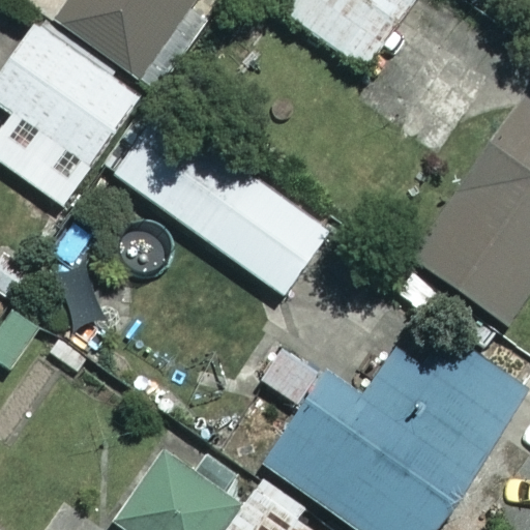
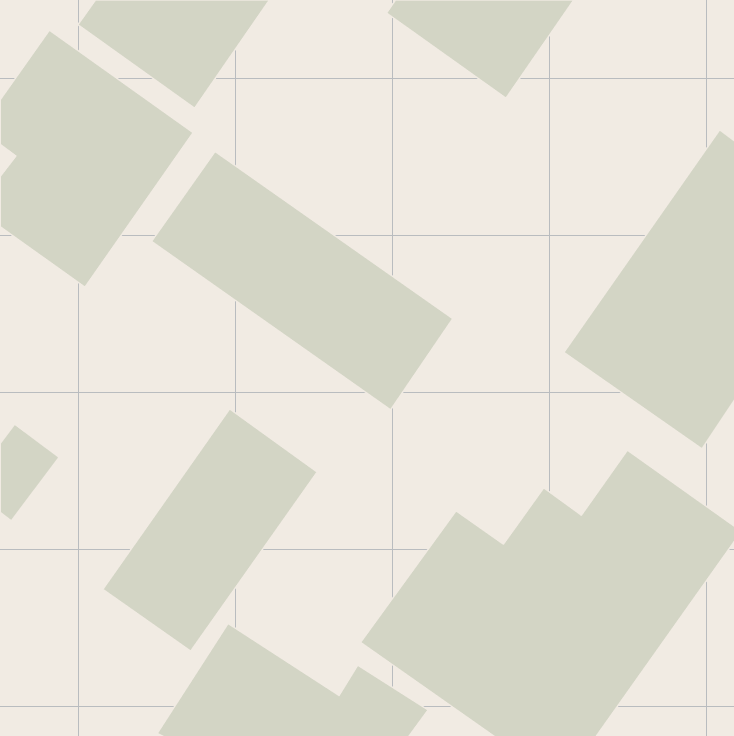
building: none -> [103,409,317,651]

